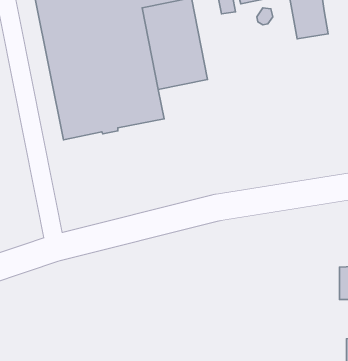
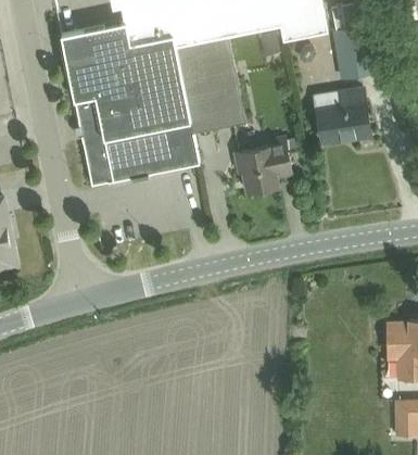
building: none -> [314,86,370,142]
building: none -> [235,138,292,192]

